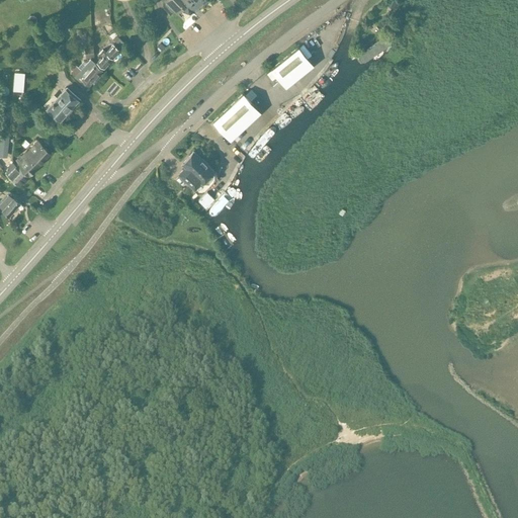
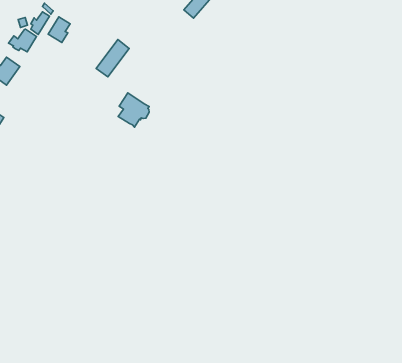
building: none -> [48,17,70,43]
building: [214,95,255,135] -> [96,40,129,77]

